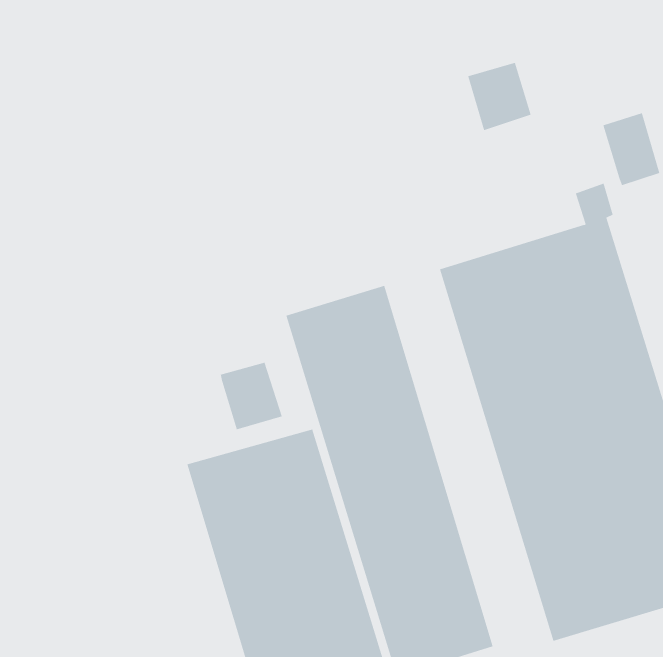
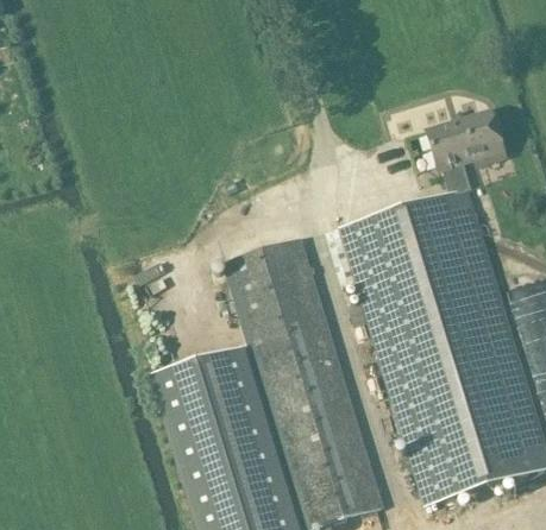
building: [466,62,531,131] -> [425,120,473,171]
building: [220,362,282,430] -> none

